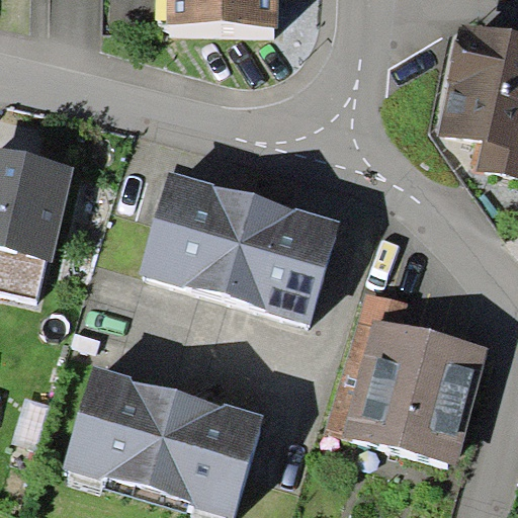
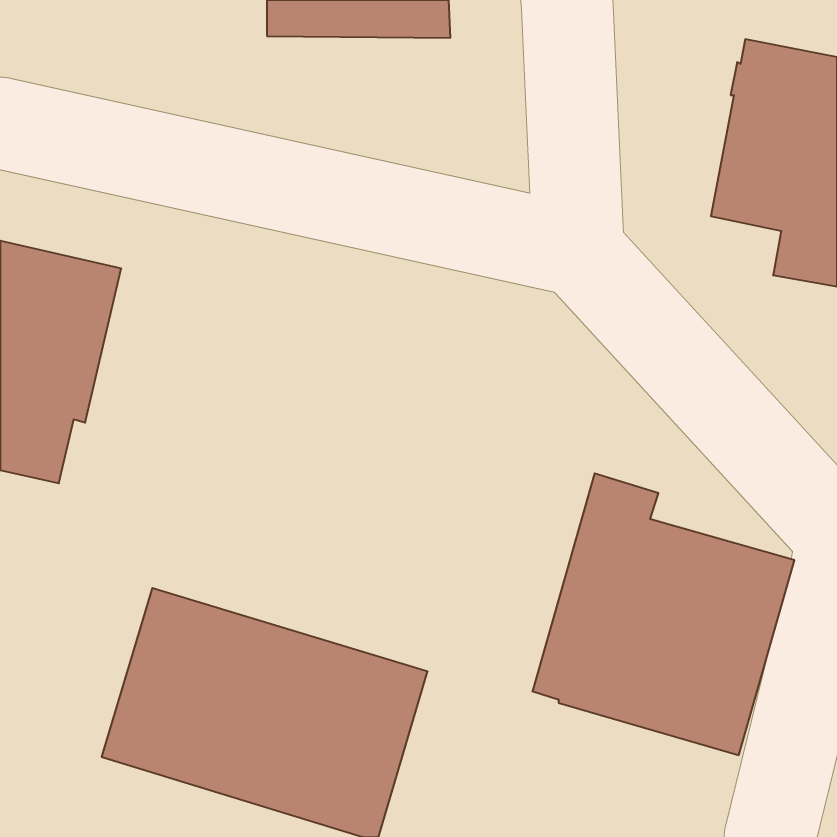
building: [139,171,340,324] -> none

